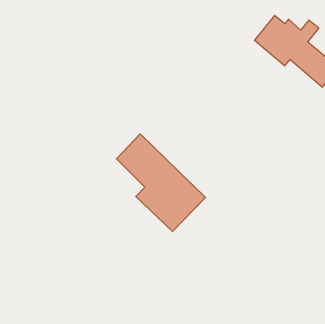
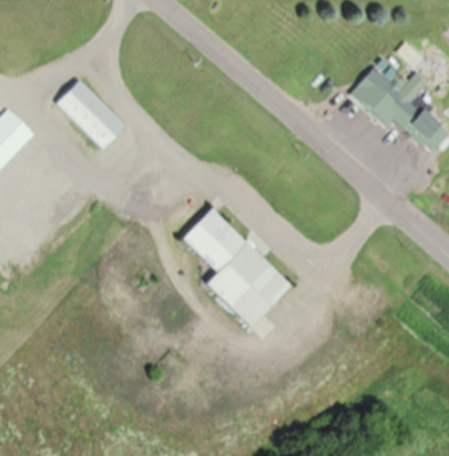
building: none -> [55,79,125,149]

